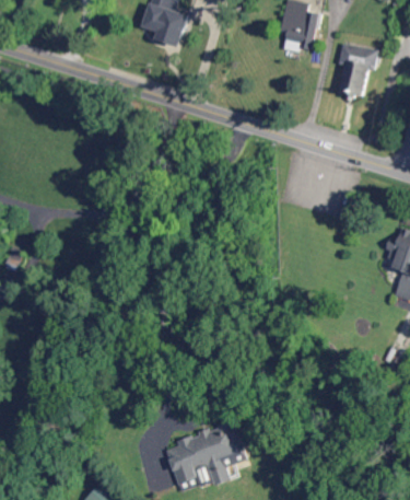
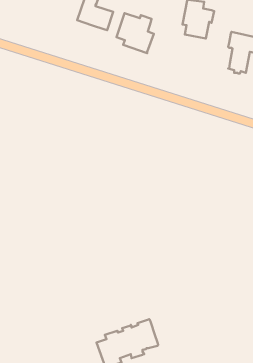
building: none -> [116,13,154,53]

